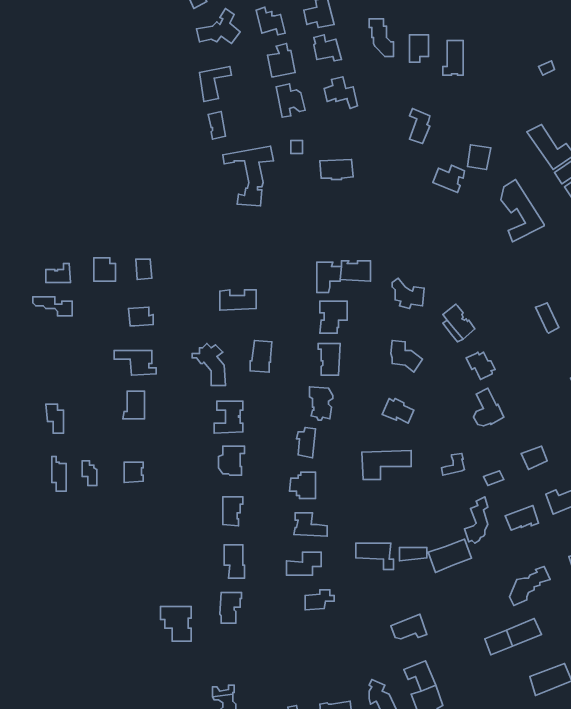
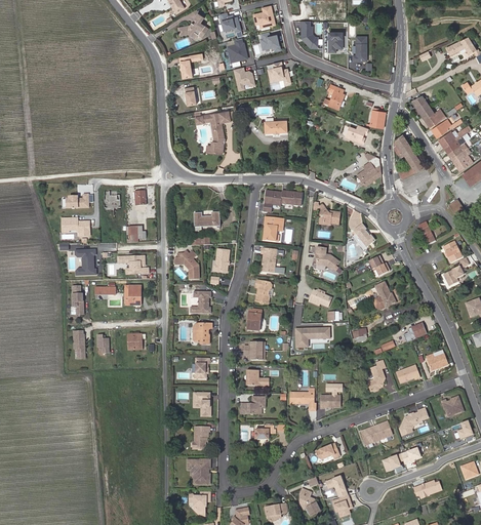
building: none -> [357,153,380,186]
building: none -> [74,249,94,276]
building: [428,539,472,573] -> [361,421,392,445]
building: [161,607,191,641] -> [188,459,209,484]

